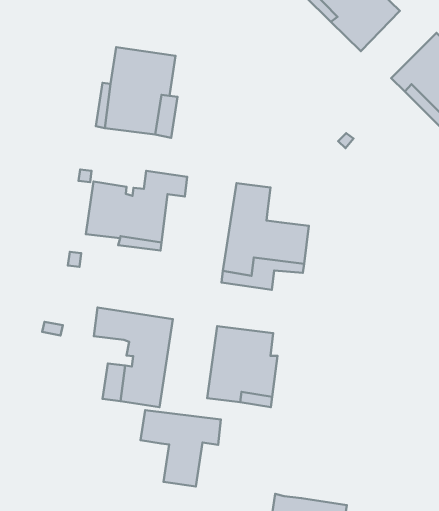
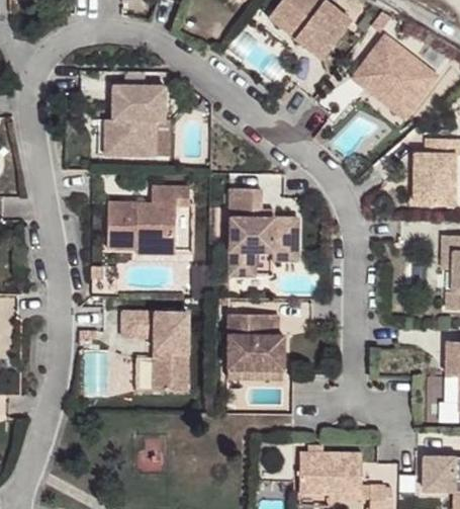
building: [141,410,221,487] -> none

